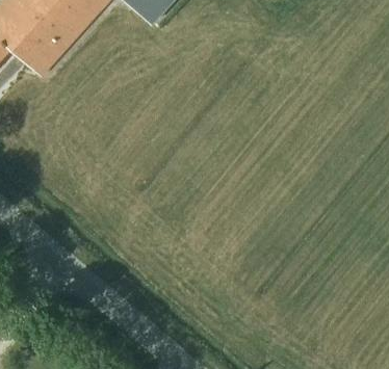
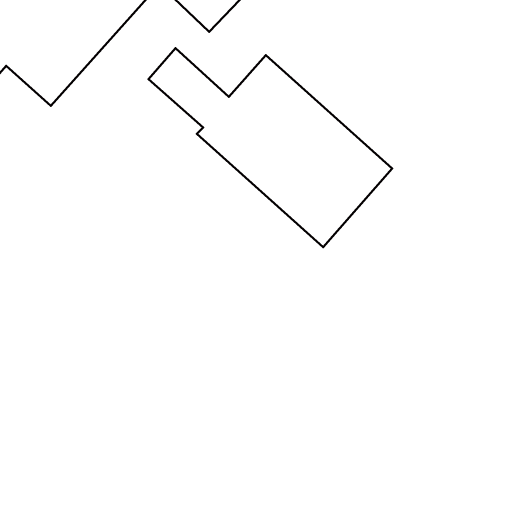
building: none -> [148,48,392,247]

